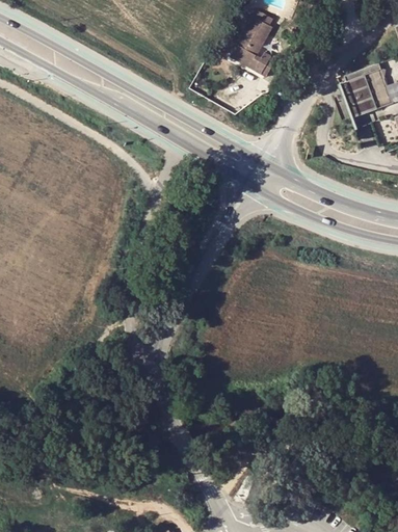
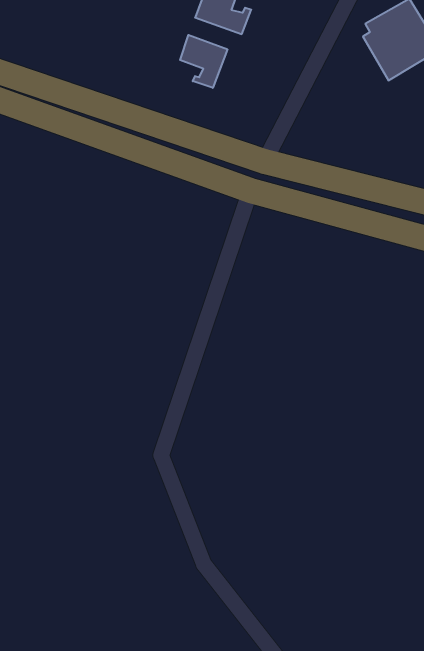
building: none -> [180,35,227,88]

